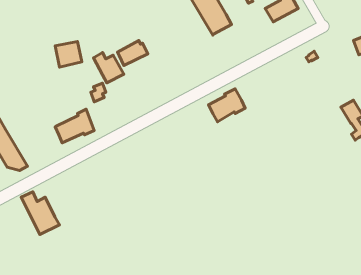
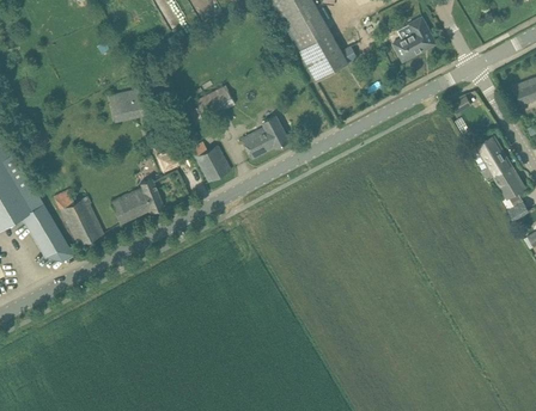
building: [94,53,124,83] -> [190,141,231,182]
building: none -> [477,136,511,180]
building: [209,89,245,122] -> [240,115,290,159]
building: [21,192,59,235] -> [53,189,104,246]

